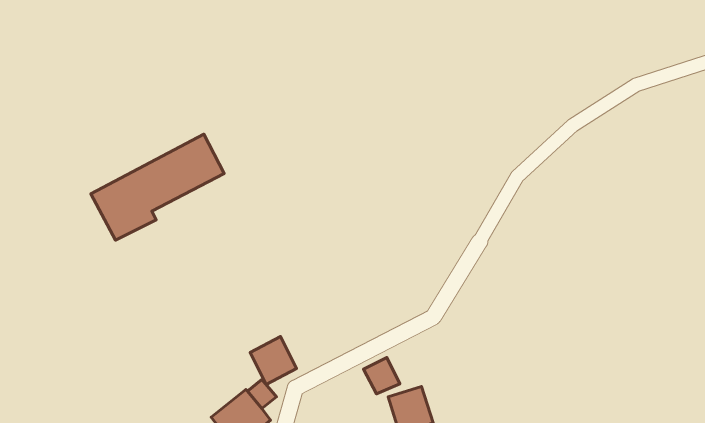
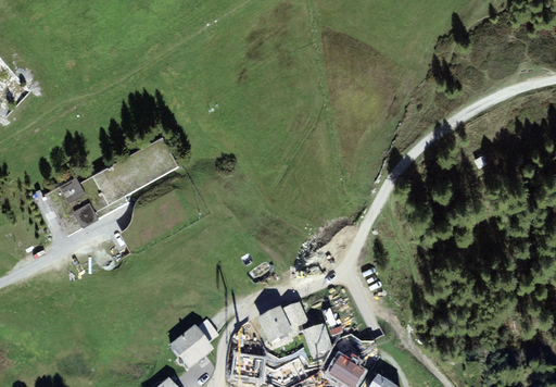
building: none -> [43,175,99,234]
building: [250,337,297,384] -> [258,309,293,345]

